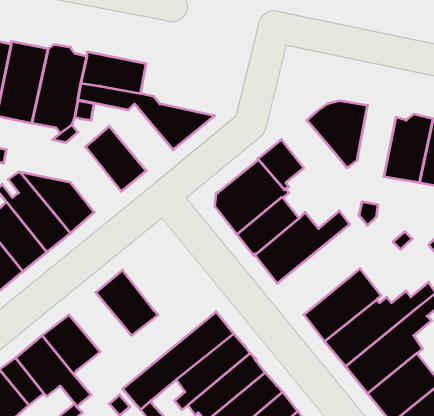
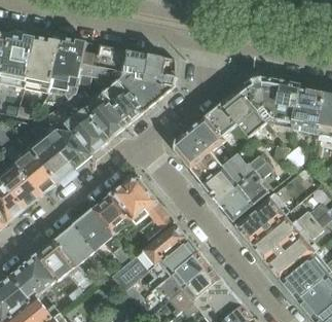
building: none -> [123,51,177,87]
building: none -> [101,79,146,126]
building: none -> [273,80,301,130]
building: none -> [221,91,266,139]
building: none -> [70,109,110,152]
building: none -> [218,163,274,222]
building: none -> [111,178,173,241]
building: none -> [74,210,131,264]

